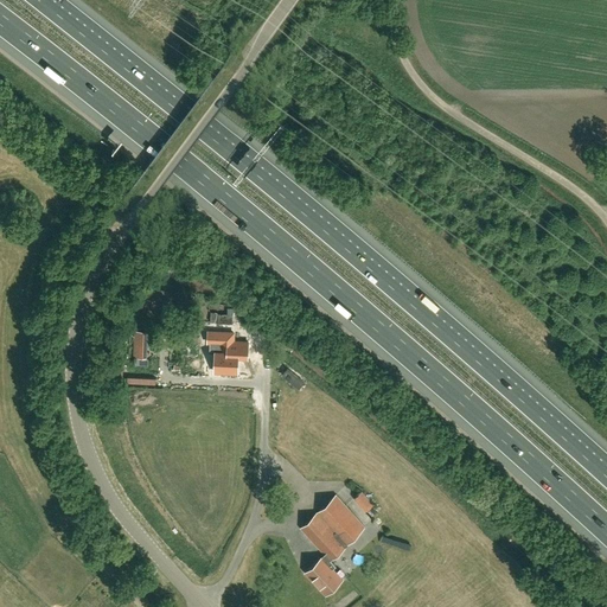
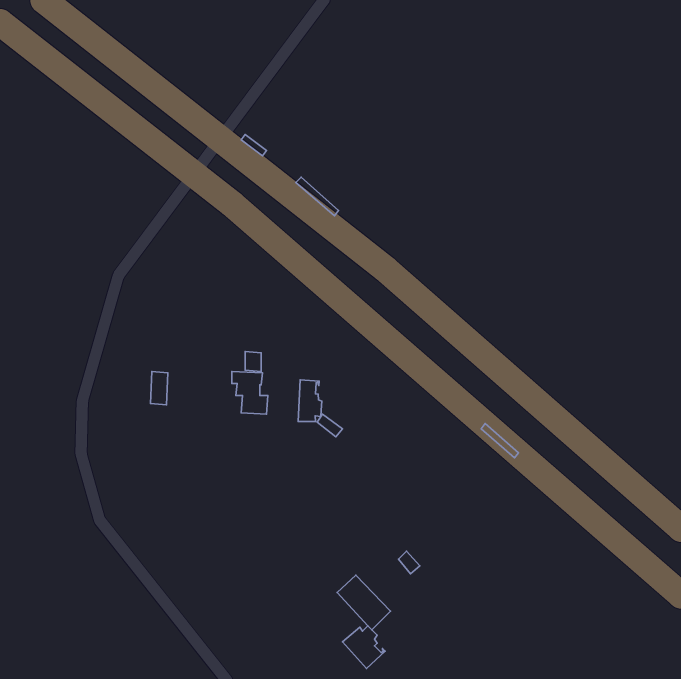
building: none -> [298,380,322,422]
building: [317,496,365,545] -> none

